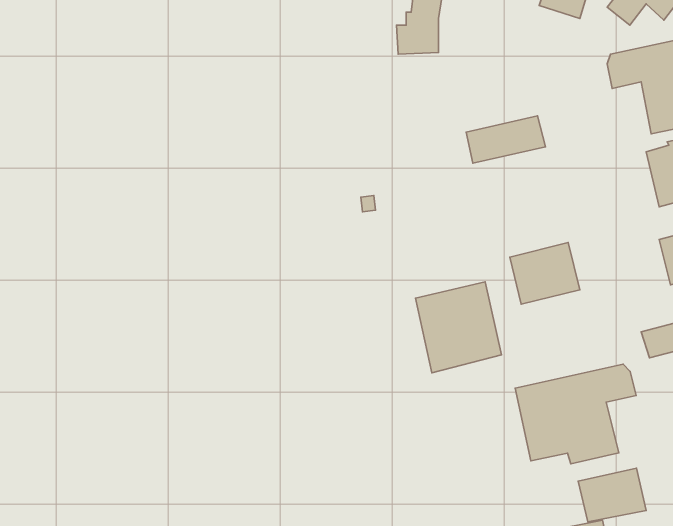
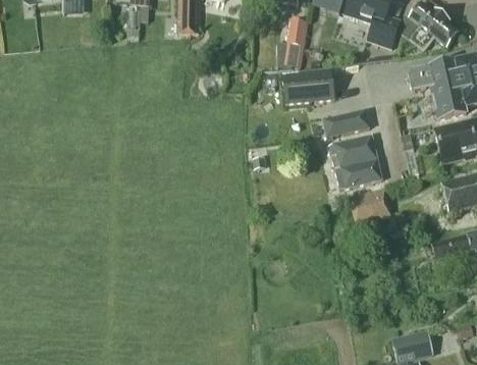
building: none -> [282,70,334,104]
building: [416,282,502,373] -> [328,133,382,190]
building: [515,364,636,464] -> none

